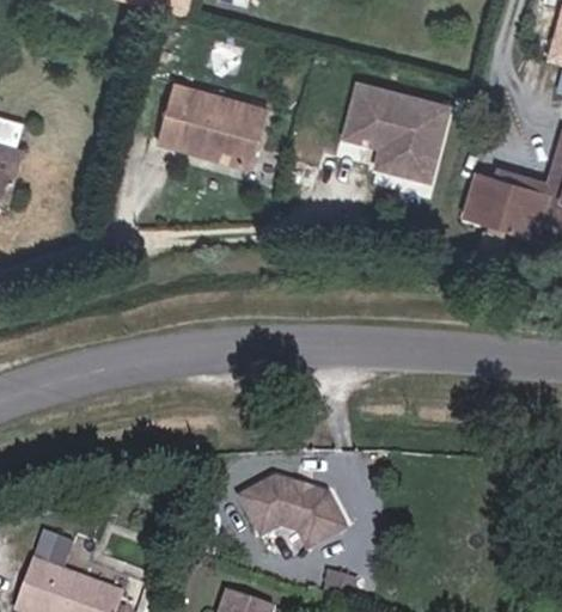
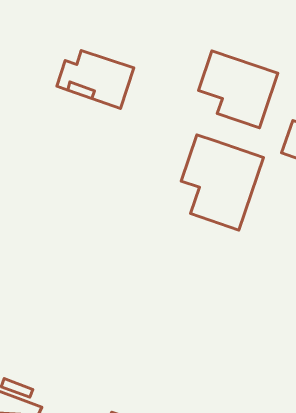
building: none -> [181,135,263,230]
building: [239,471,349,547] -> none

